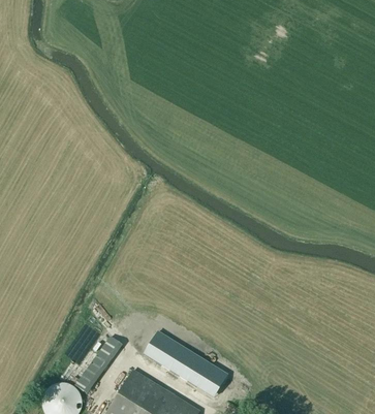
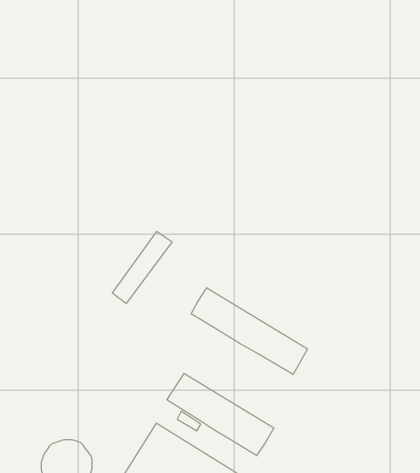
building: none -> [191,288,307,375]
building: [75,337,123,393] -> [112,232,172,303]

